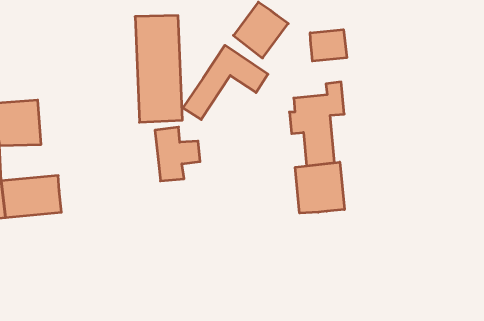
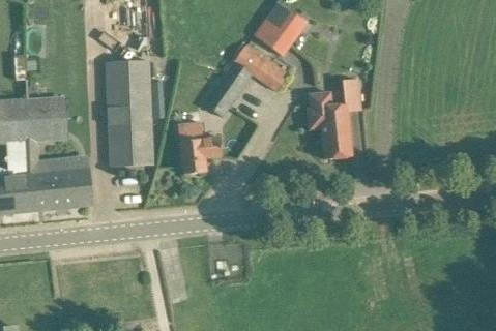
building: [135,16,182,122] -> [107,64,152,167]
building: [310,30,347,61] -> none
building: [295,162,344,213] -> none

